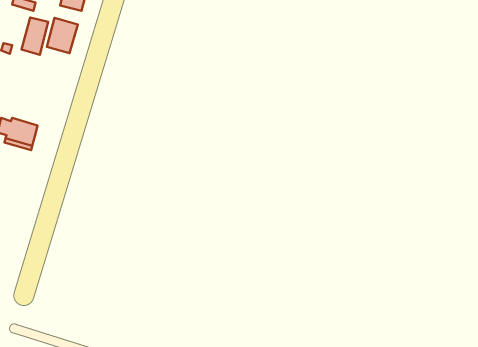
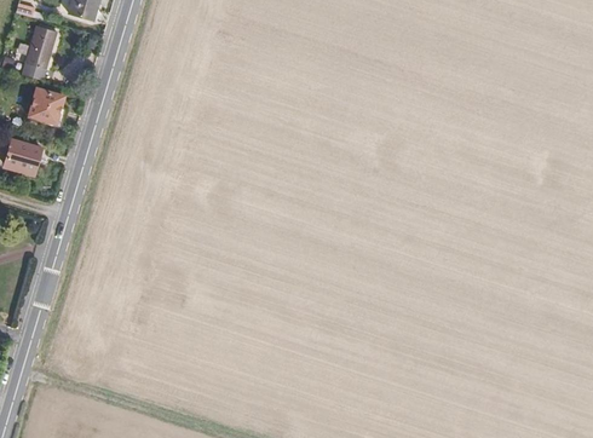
building: [47,18,78,53] -> [29,91,64,131]

